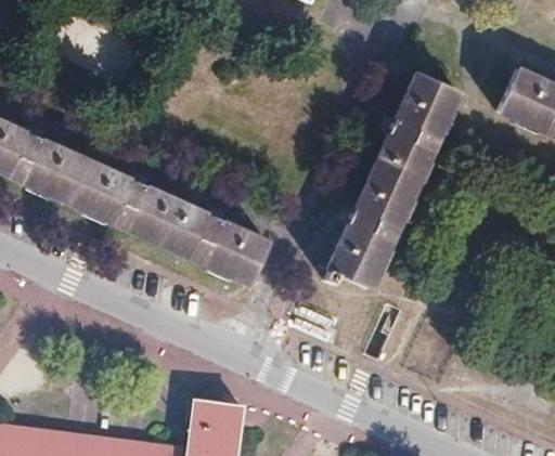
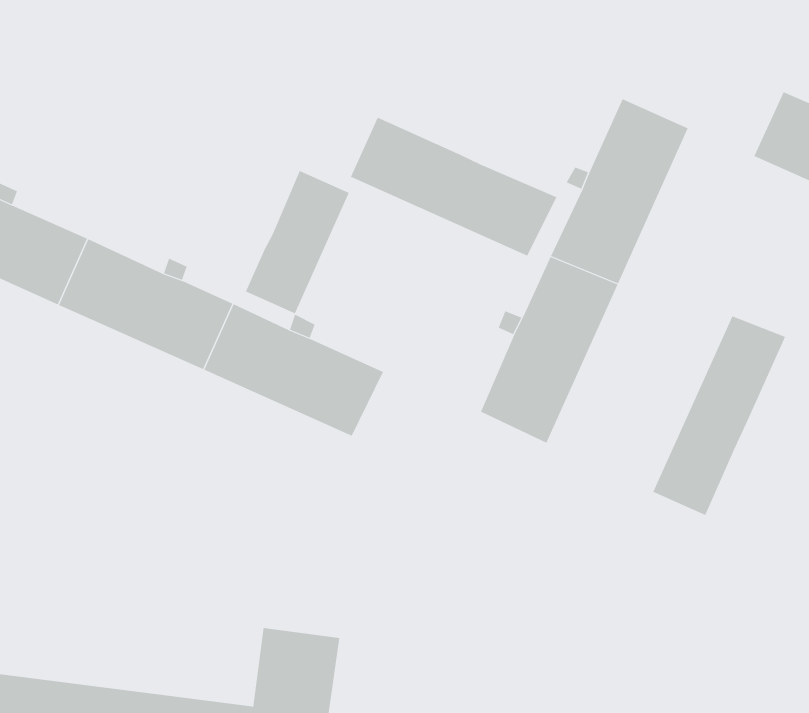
building: none -> [350,117,557,257]
building: none -> [245,170,350,314]
building: none -> [653,315,786,516]

